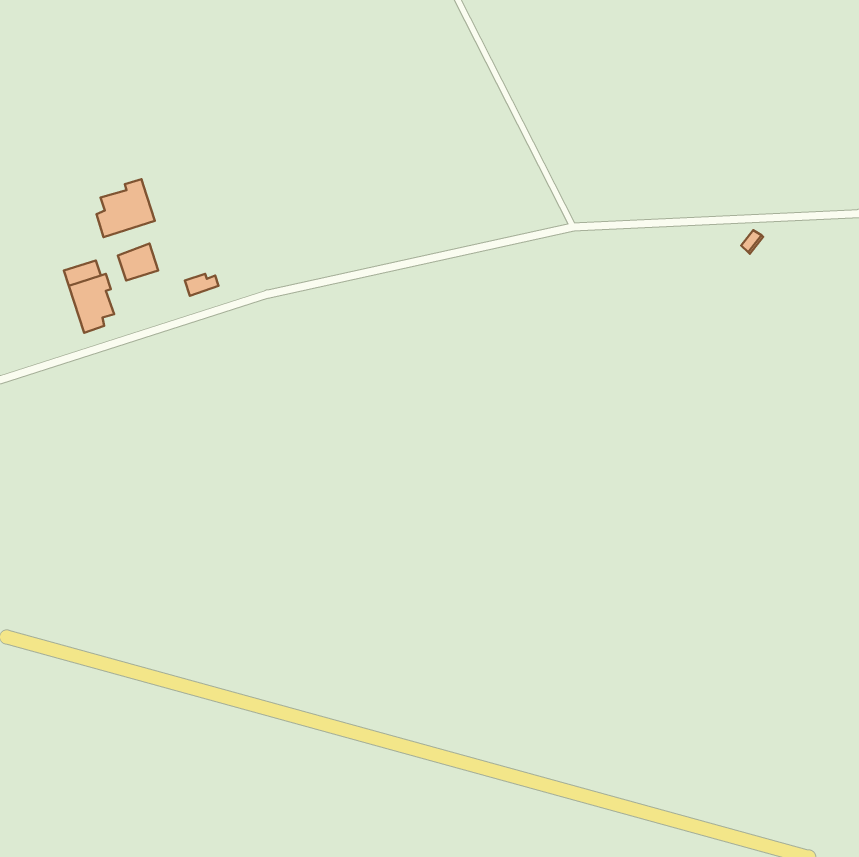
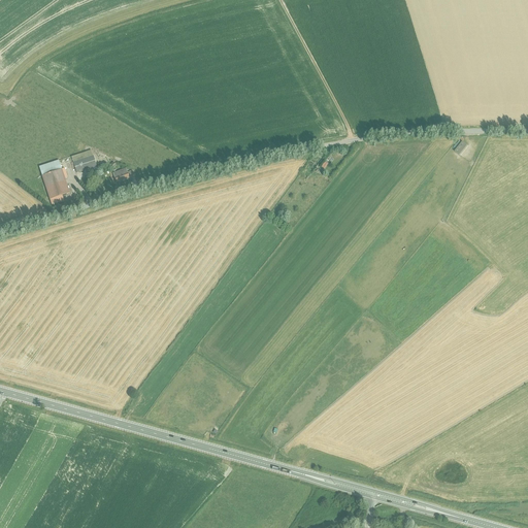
building: [96,179,155,237] -> none

